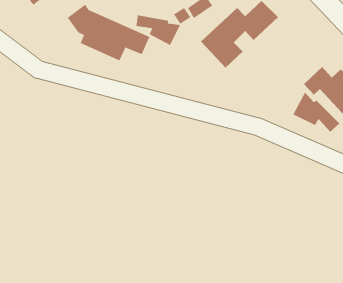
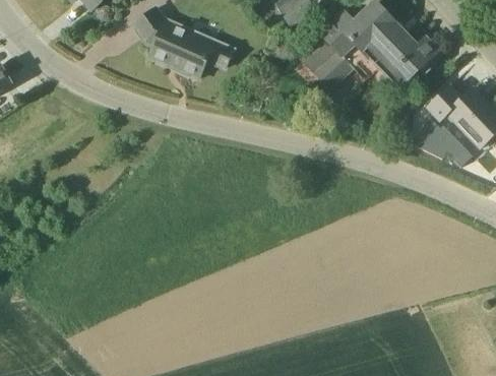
building: [136,14,181,46] -> none
building: none -> [364,23,438,88]

